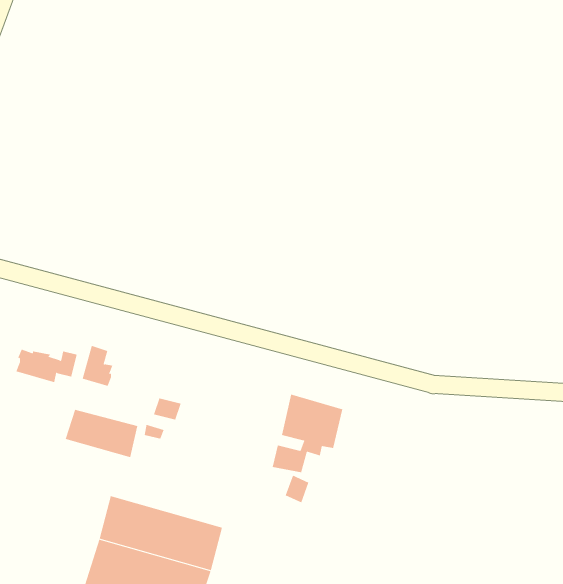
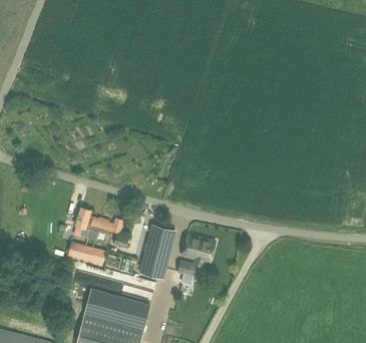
building: [15,349,77,383] -> [89,217,122,235]
building: none -> [140,225,174,277]

